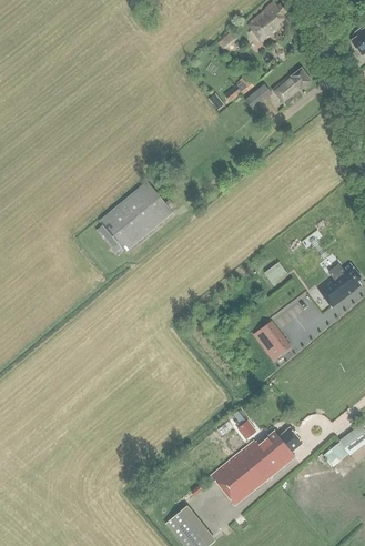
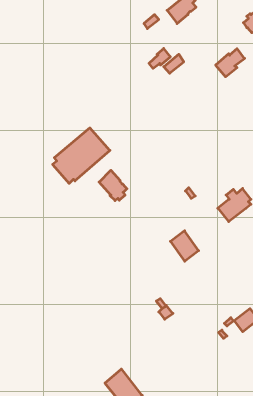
building: [272,67,311,104] -> [216,49,245,77]
building: none -> [99,170,127,201]
building: [211,426,302,504] -> none

